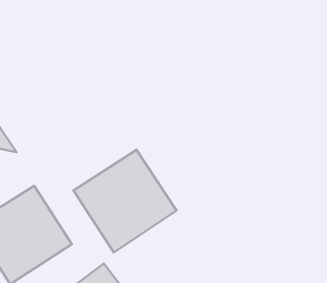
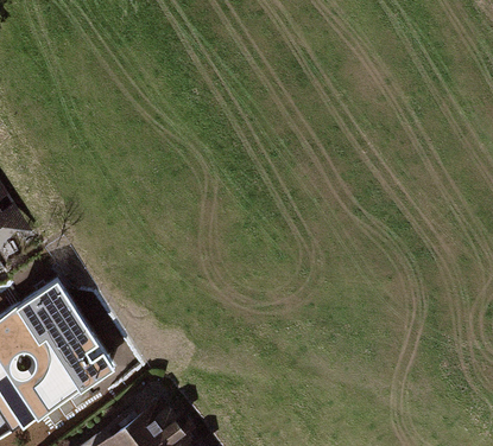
building: [74,150,176,253] -> none

